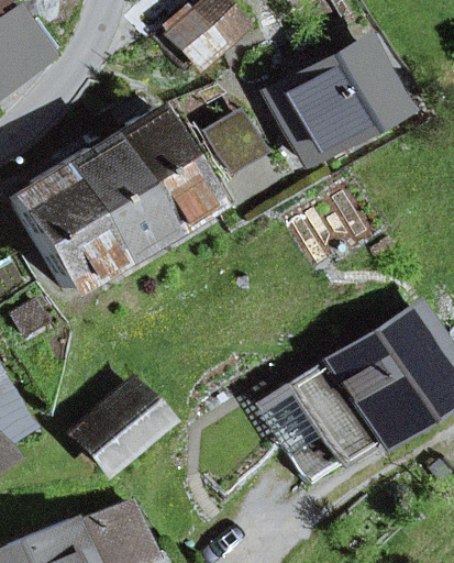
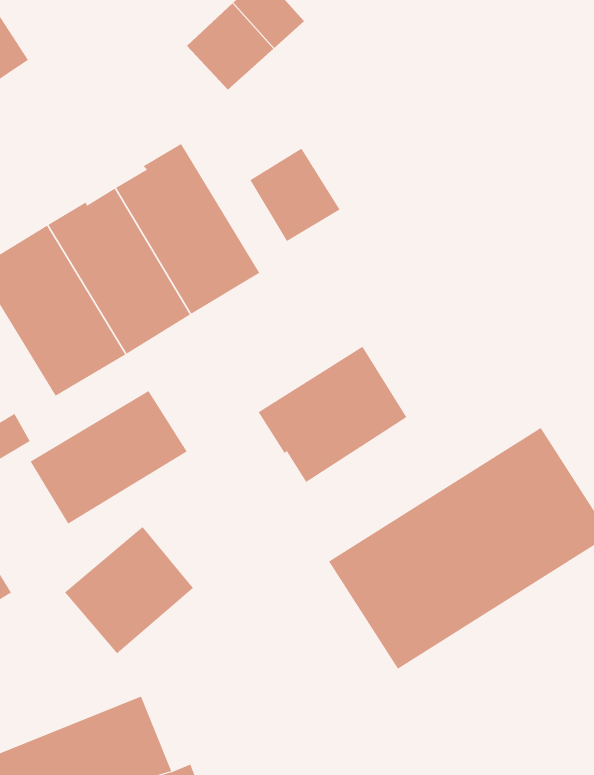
building: [272,45,424,158] -> none
building: none -> [258,346,407,483]
building: none -> [30,390,187,524]

